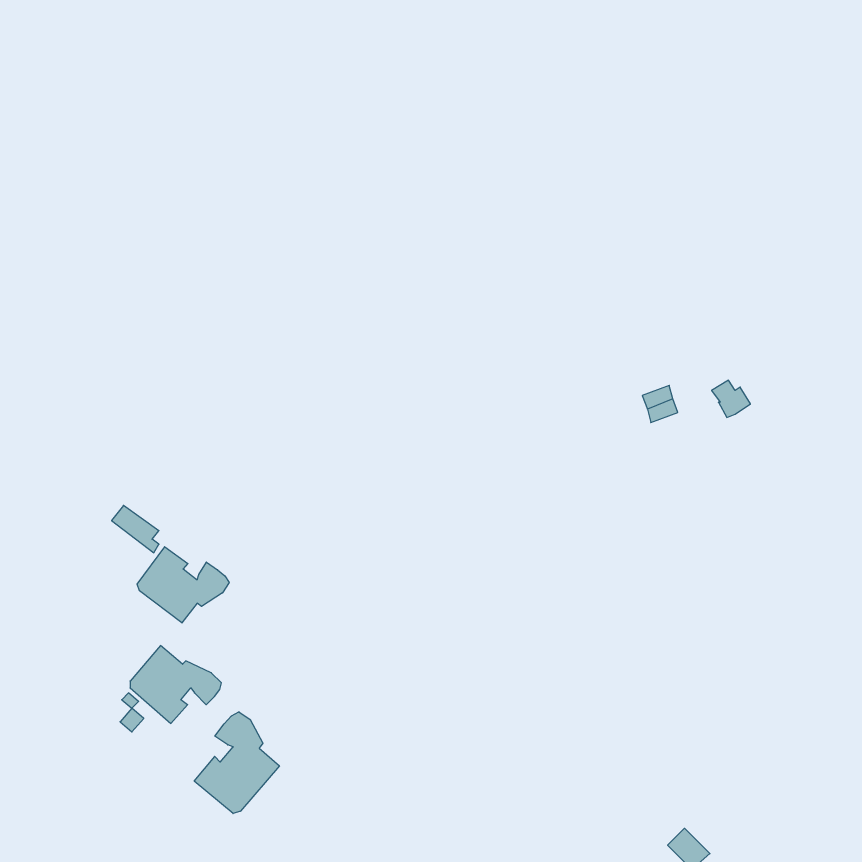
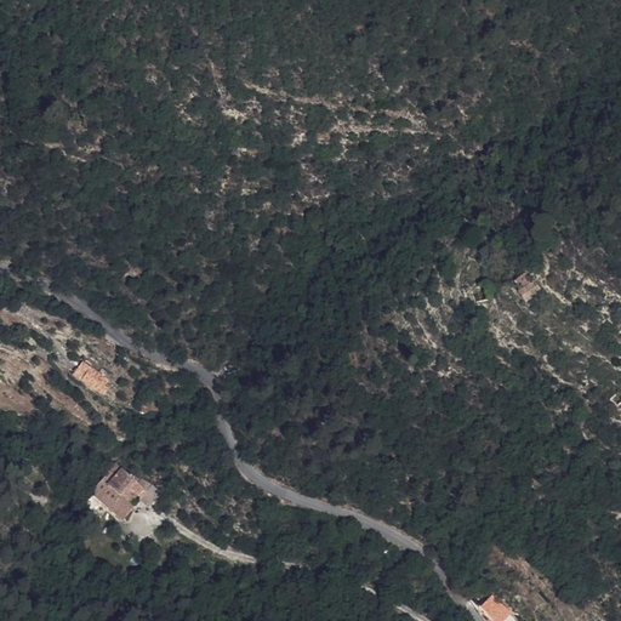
building: [137,547,229,623] -> none
building: [194,712,279,814] -> none

